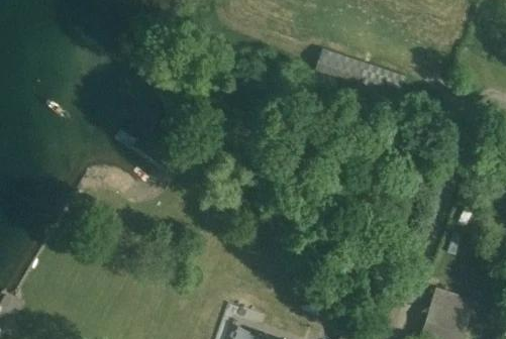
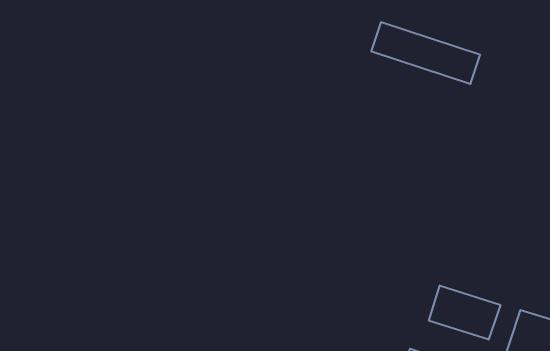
building: none -> [429,285,500,340]

